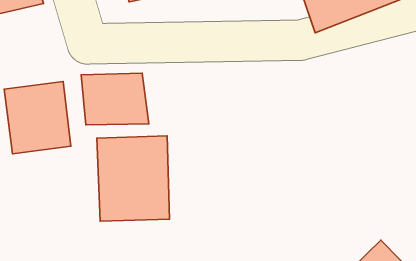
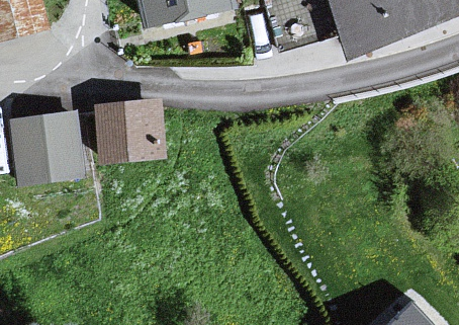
building: [97,136,169,221] -> none

